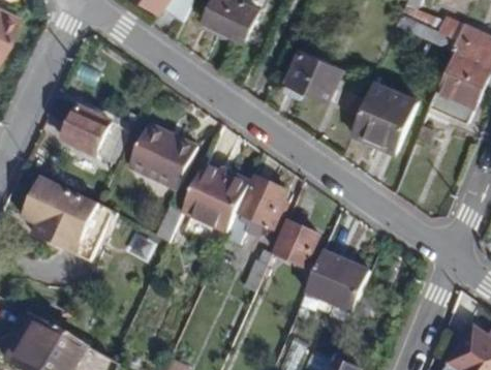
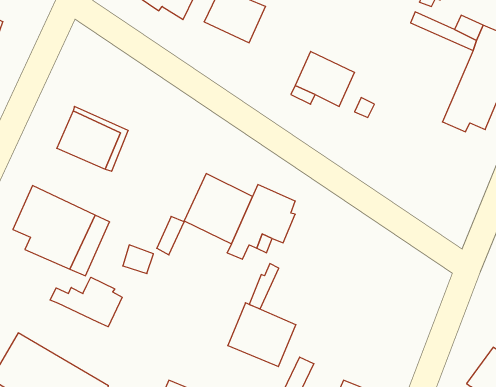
building: [350,81,418,149] -> none
building: [129,128,198,188] -> none
building: [276,222,318,265] -> none
building: [306,251,370,311] -> [228,303,296,367]
building: none -> [50,277,122,327]

